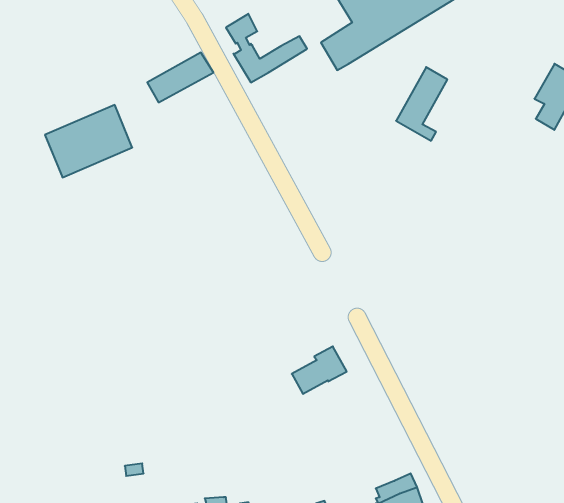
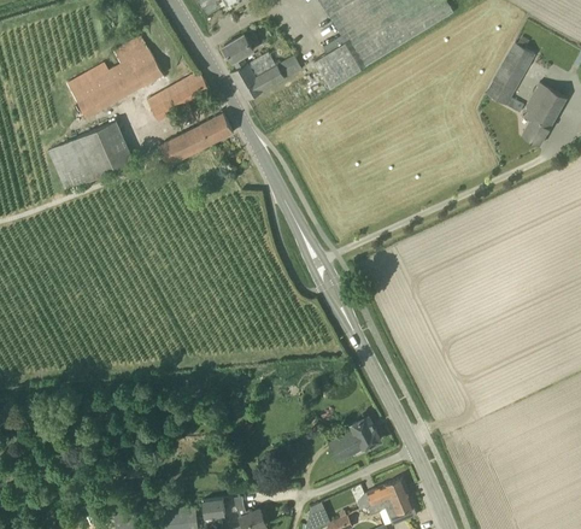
building: none -> [66,34,163,117]
building: [396,67,447,141] -> [486,42,535,113]
building: none -> [159,113,234,165]
building: [292,346,347,394] -> [328,416,381,462]

